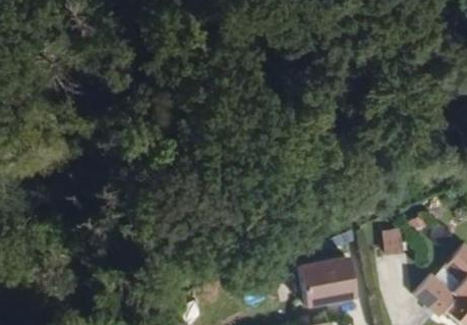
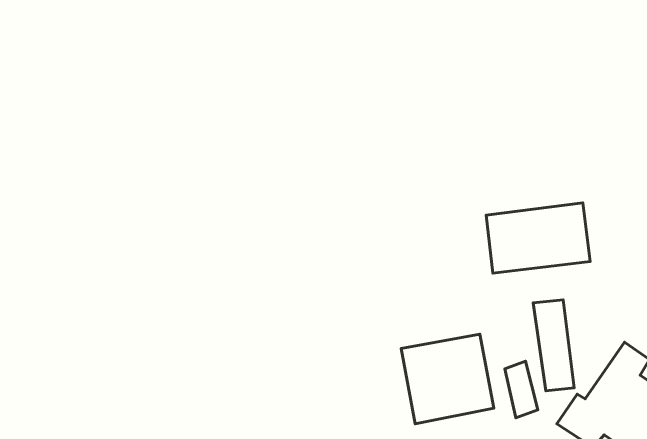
building: none -> [486,203,590,273]

